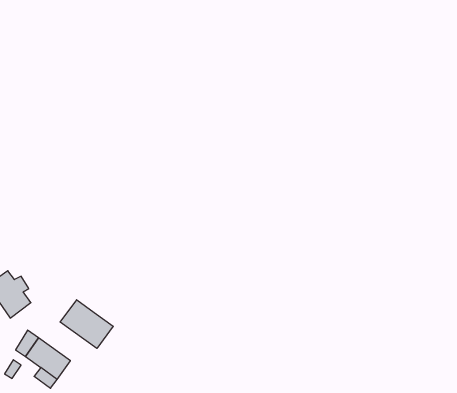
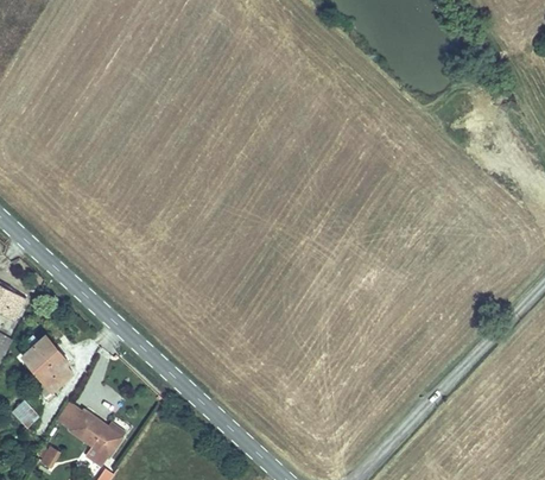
building: [60,300,113,348] -> none

